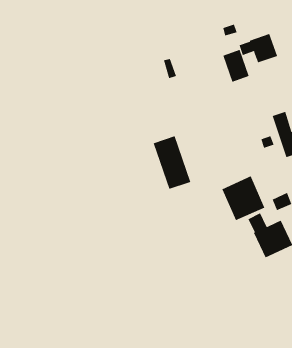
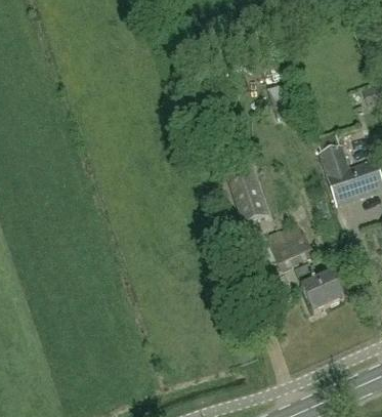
building: [239,33,278,63] -> none
building: [153,136,191,189] -> [225,162,267,221]

